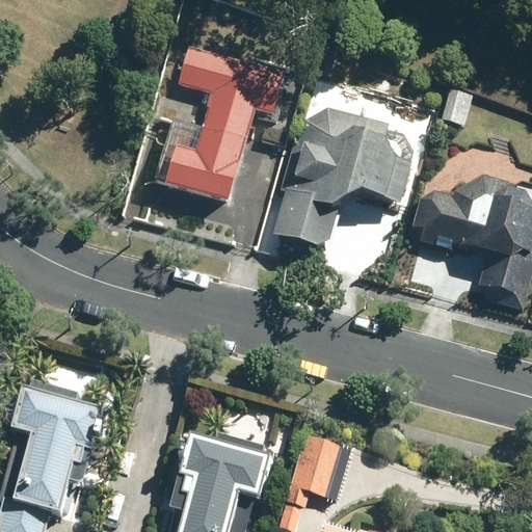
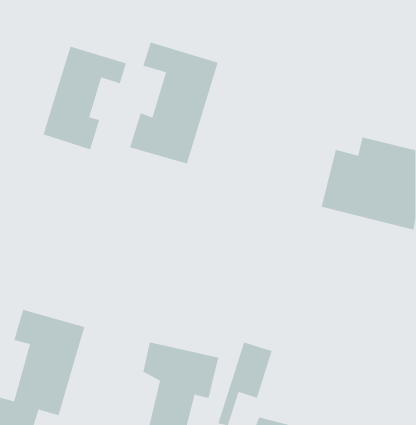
building: none -> [43,46,126,150]
building: [275,89,414,248] -> none

